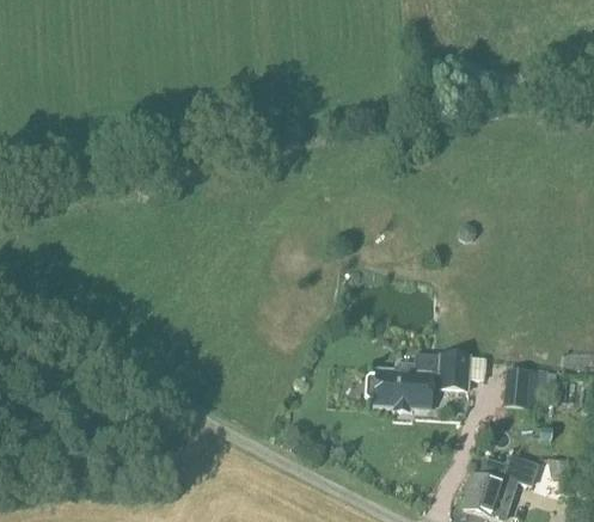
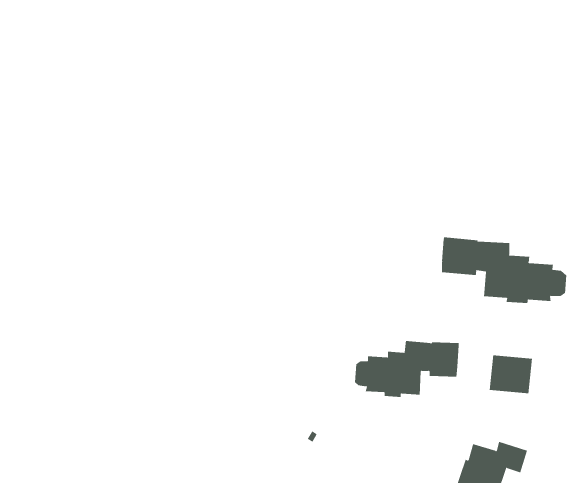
building: none -> [442,237,567,304]

